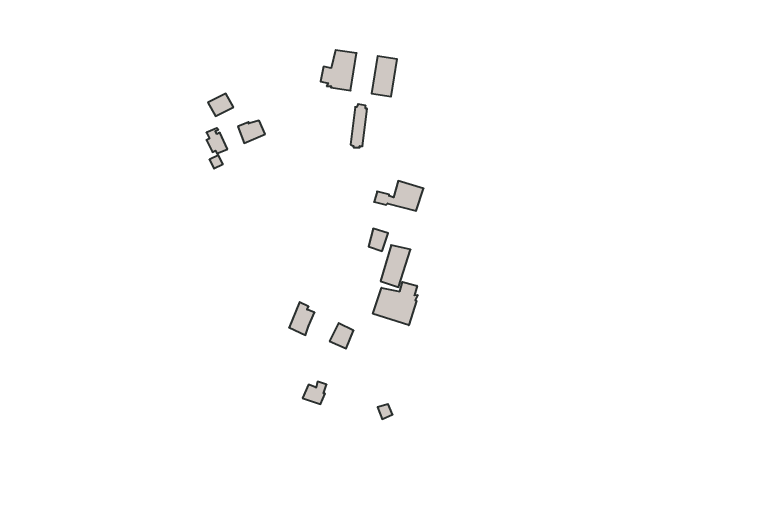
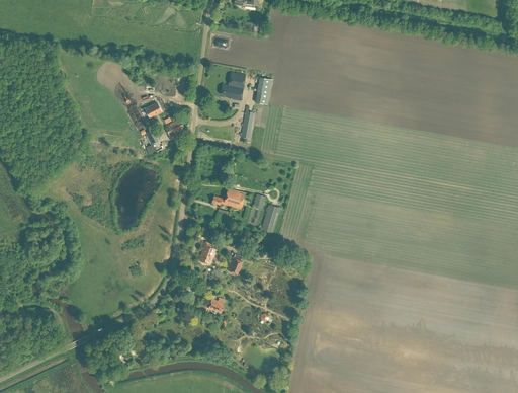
building: [374,181,424,211] -> [210,187,244,208]
building: [373,282,418,325] -> none

